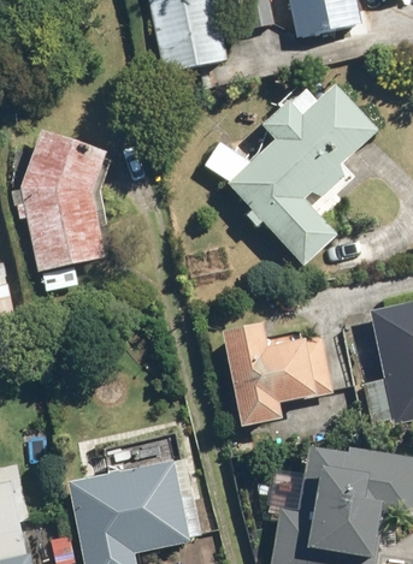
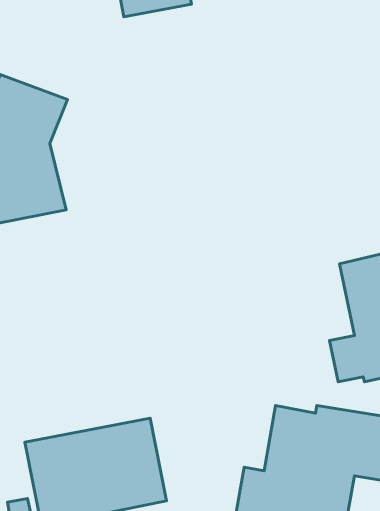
building: [228,84,378,266] -> none
building: [223,323,331,427] -> none

